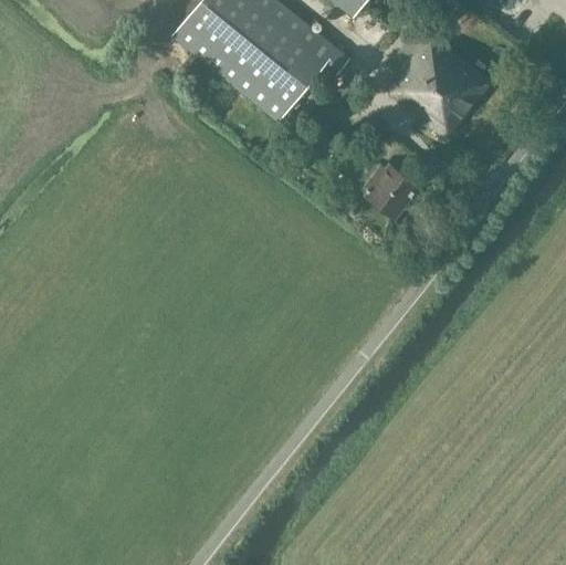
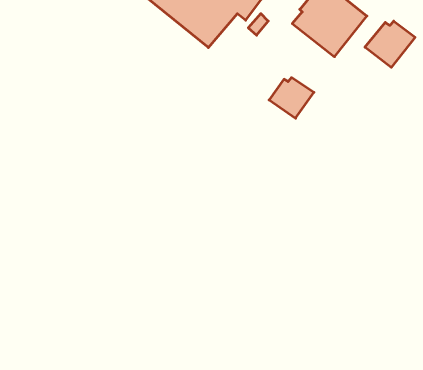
building: none -> [365,21,415,67]

